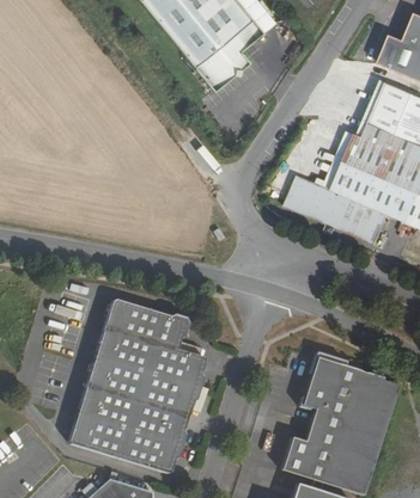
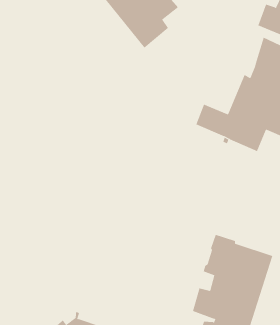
building: [69,296,205,472] -> none

